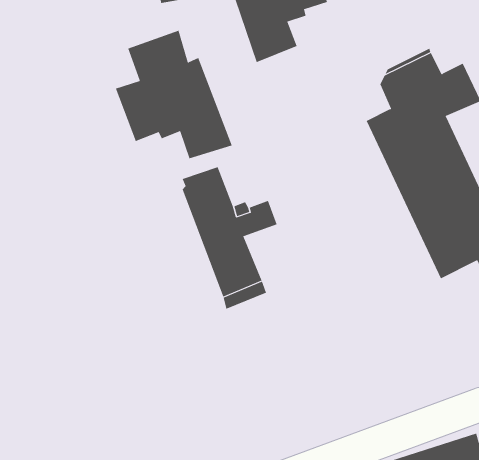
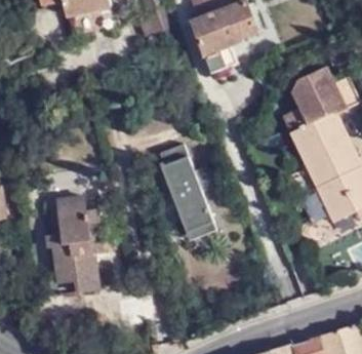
building: [115,30,233,159] -> none
building: none -> [45,180,107,296]

